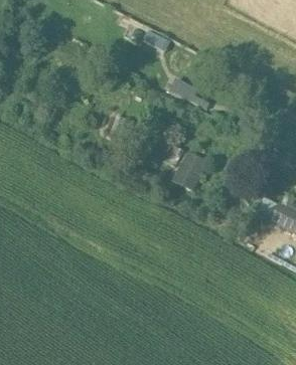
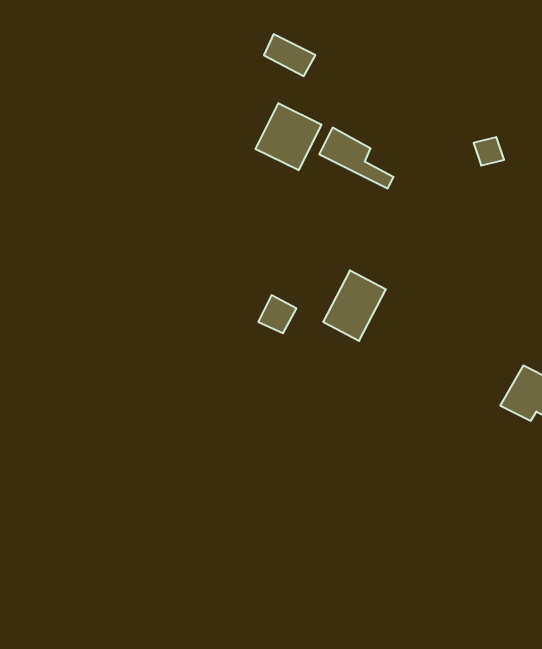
building: none -> [255,103,321,170]

